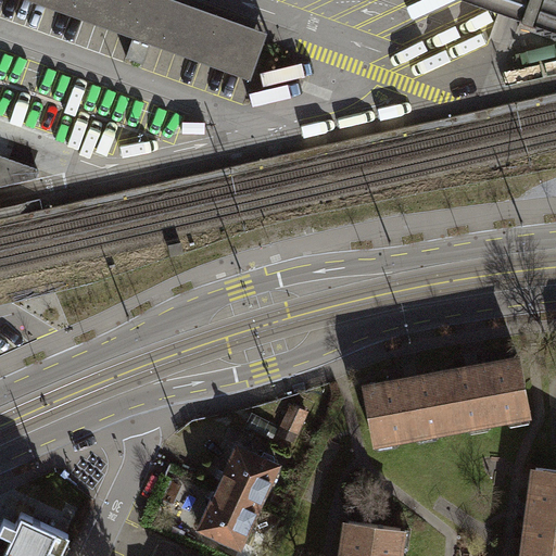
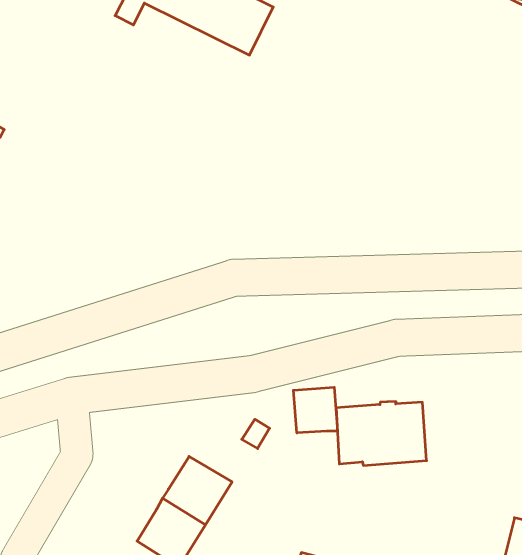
building: [440,358,527,426] -> none
building: none -> [293,387,337,433]

